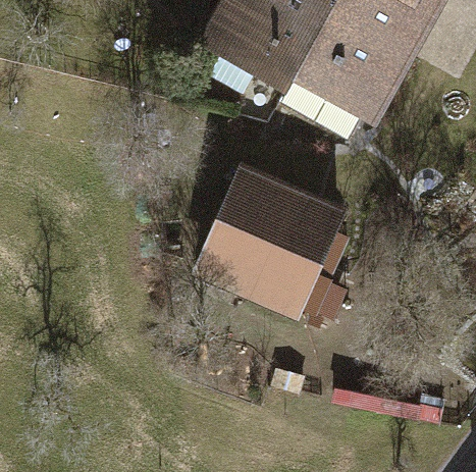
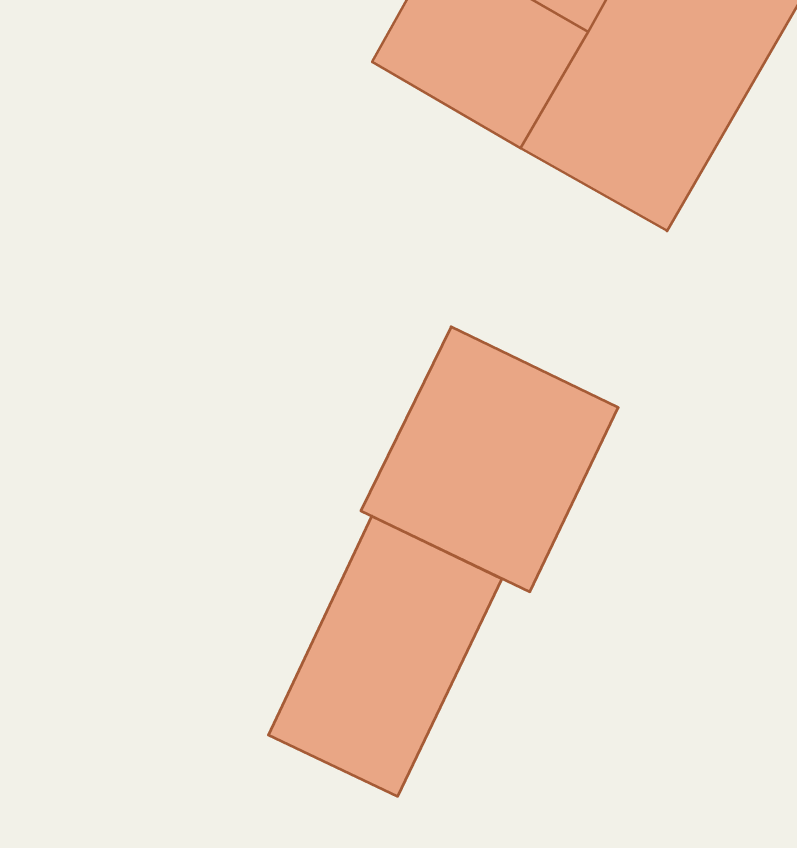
building: none -> [268,516,502,796]

